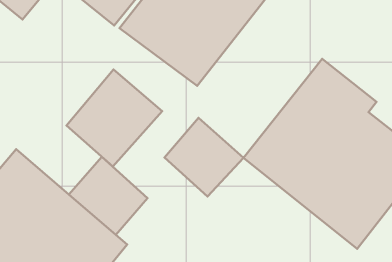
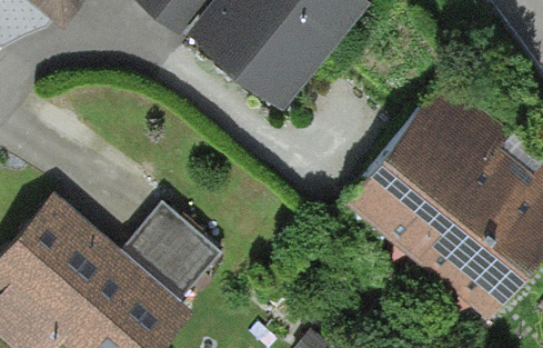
building: [67,69,162,167] -> none
building: [164,118,244,197] -> none

